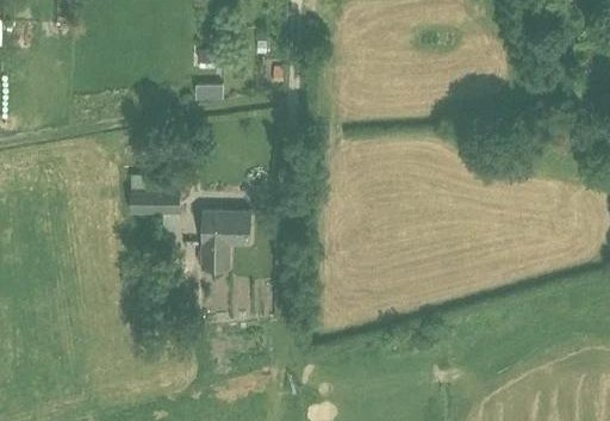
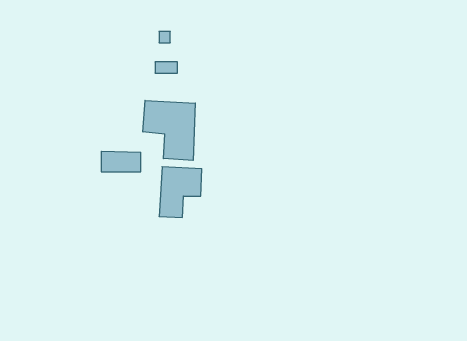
building: none -> [143,100,195,160]

